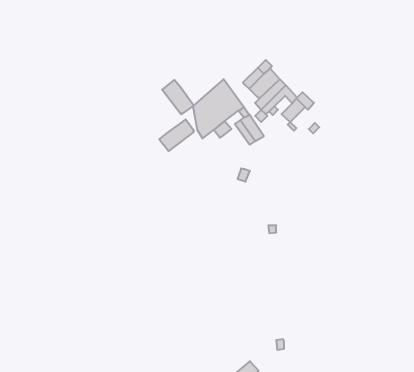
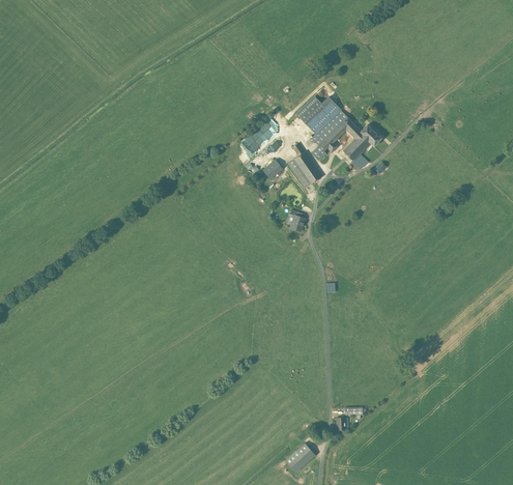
building: [162,80,194,114] -> none
building: [159,119,194,151] -> none

